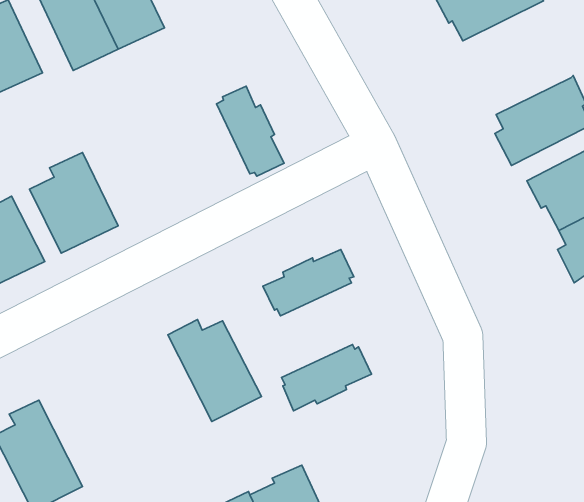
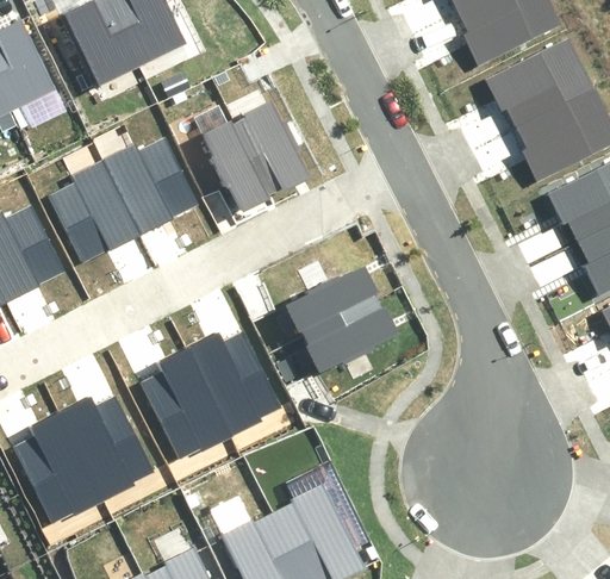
building: none -> [487,36,593,129]
building: none -> [204,118,270,208]
building: none -> [102,147,198,241]
building: none -> [143,350,232,462]
building: [282,344,372,411] -> [301,298,392,365]
building: none -> [58,400,152,503]

